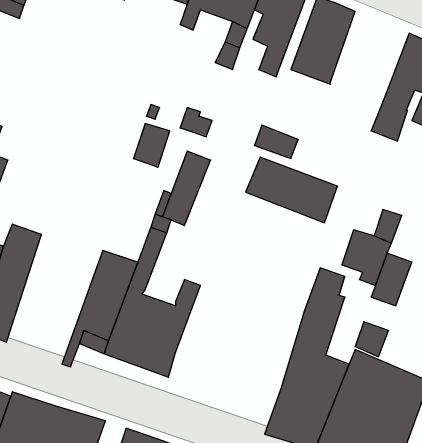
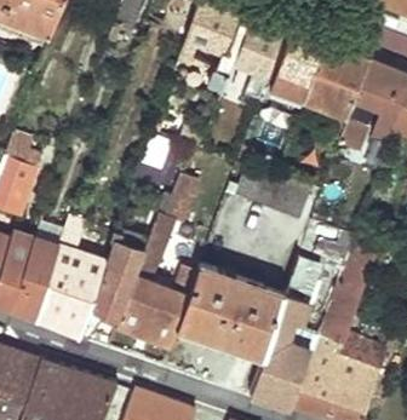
building: none -> [304,45,369,120]
building: none -> [35,218,108,338]
building: none -> [176,266,282,358]

